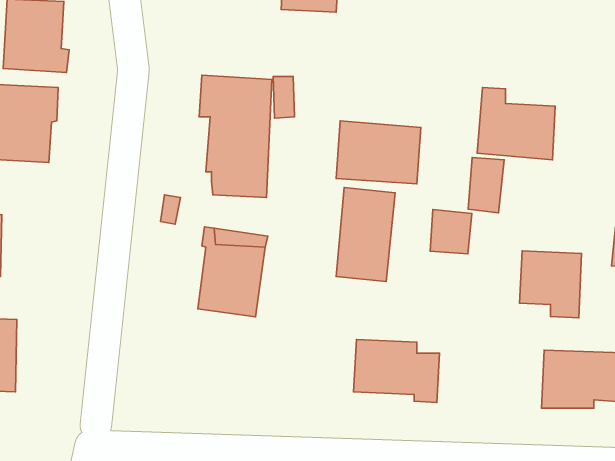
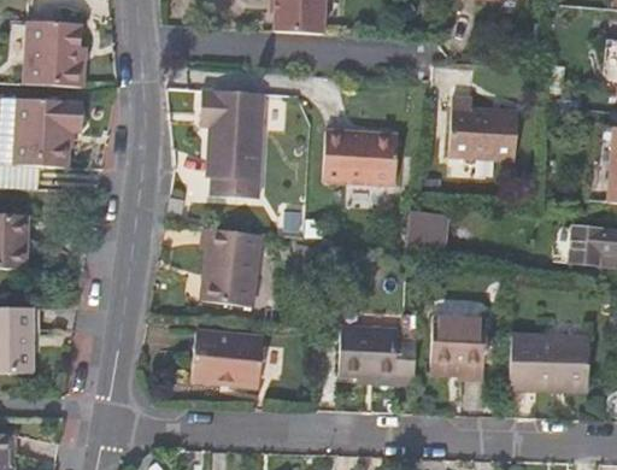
building: [468,157,504,213] -> none
building: [336,188,395,282] -> none
building: [520,251,581,318] -> [429,318,484,378]
building: none -> [190,329,263,387]

